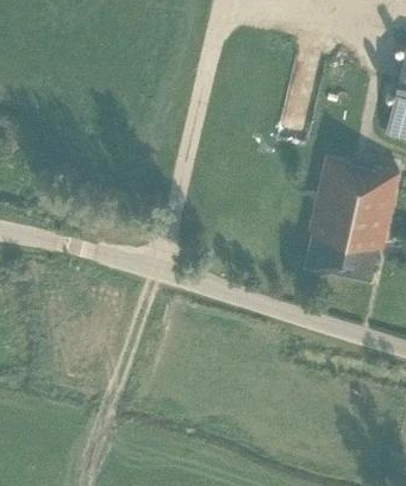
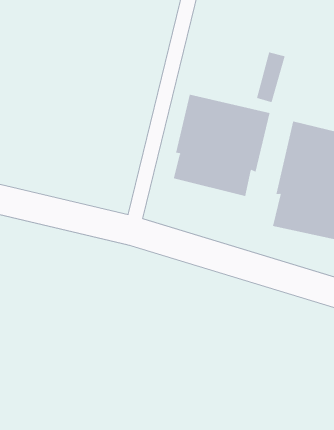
building: none -> [173,94,270,197]

